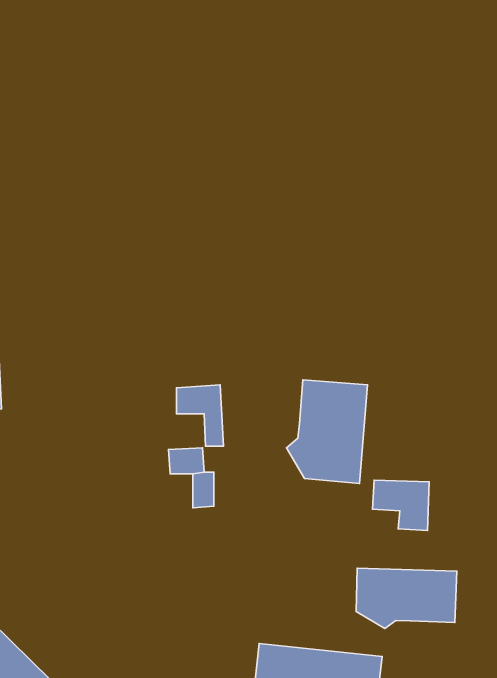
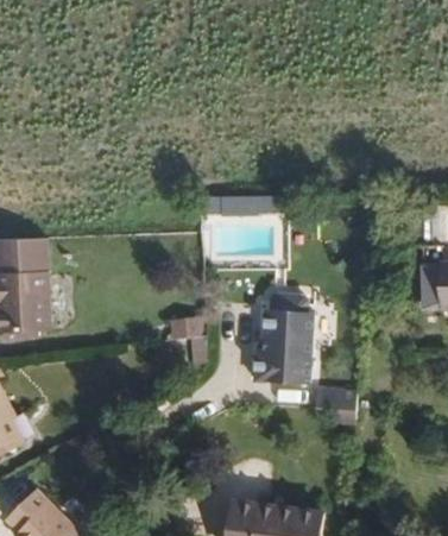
building: [356,568,457,629] -> none

